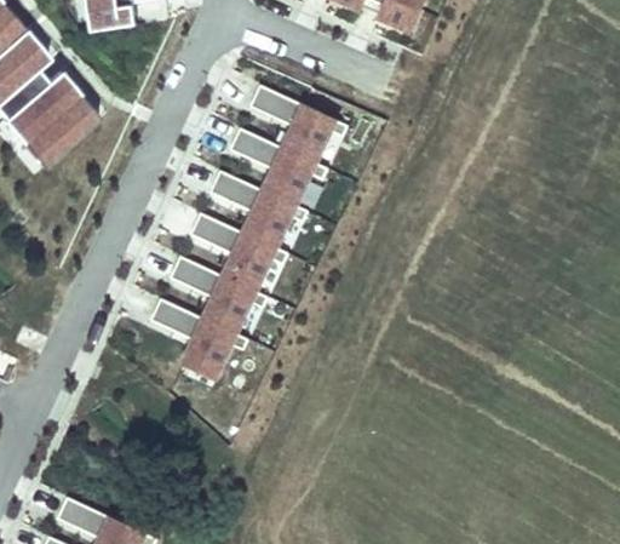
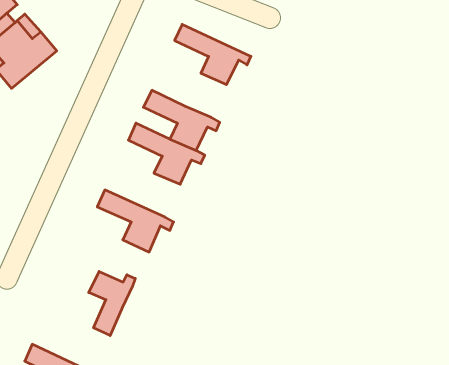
building: [230,127,328,205] -> none
building: [170,256,268,333] -> none
building: none -> [89,271,135,336]

